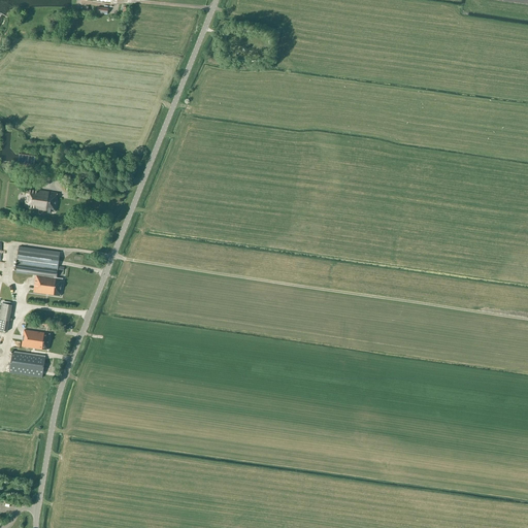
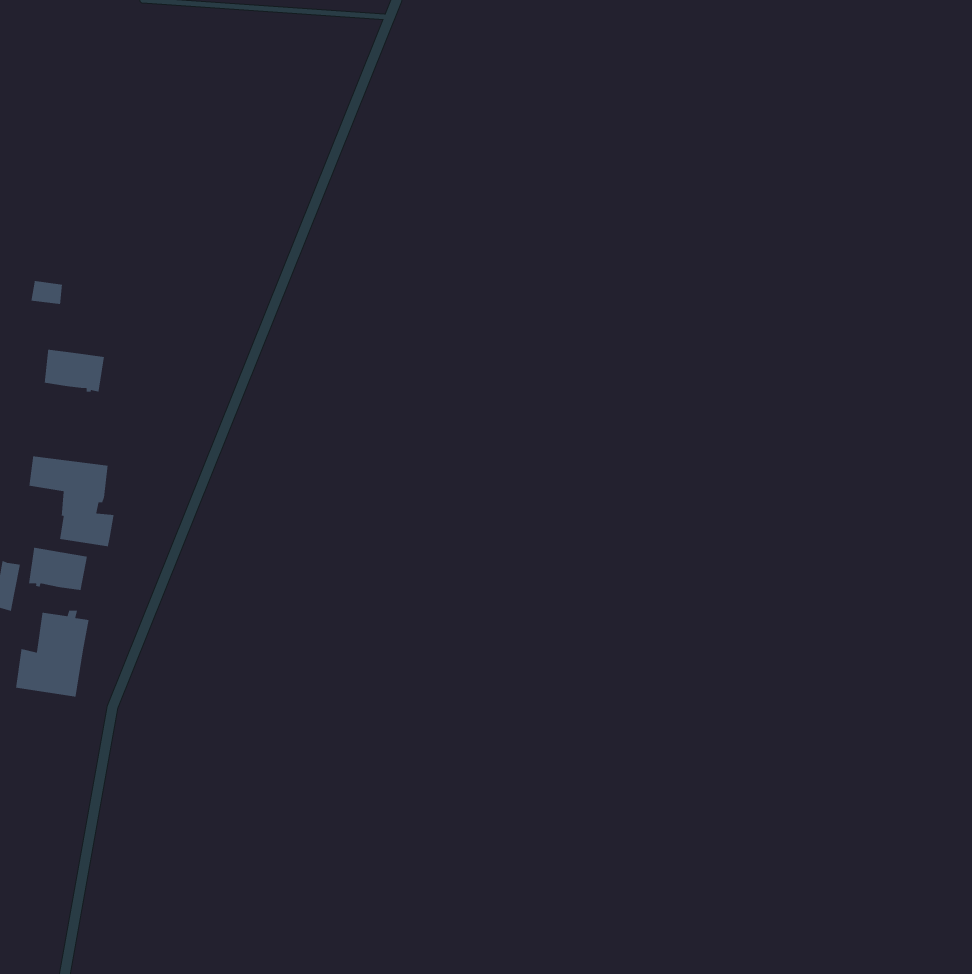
building: none -> [28,547,88,591]

